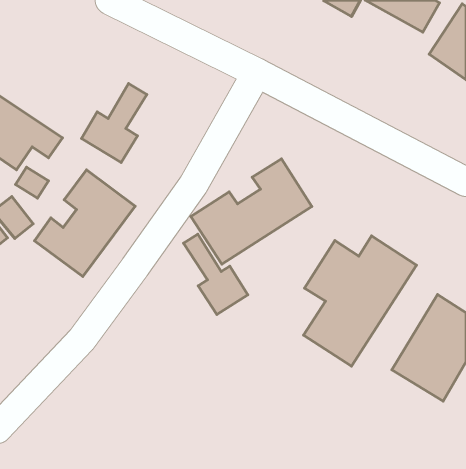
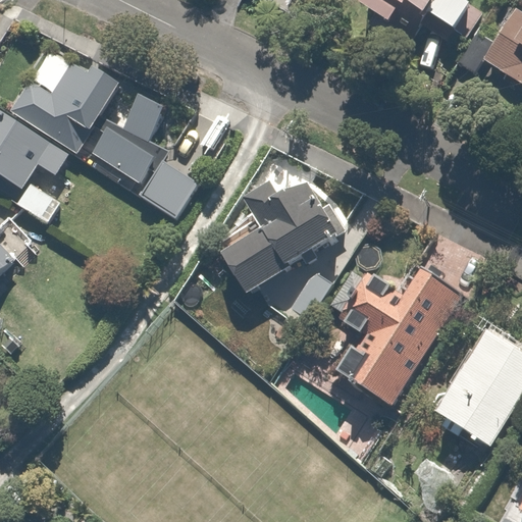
building: none -> [14,56,120,150]
building: none -> [137,161,194,219]
building: [34,170,135,277] -> none
building: [183,234,248,315] -> none

